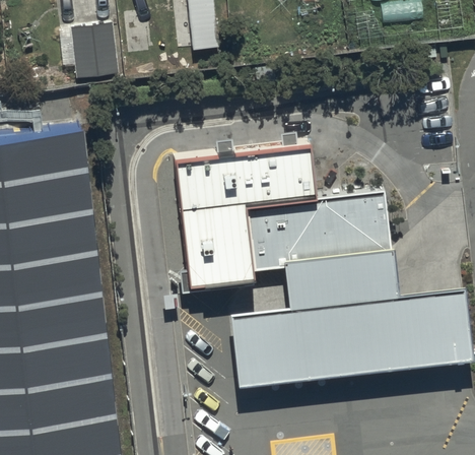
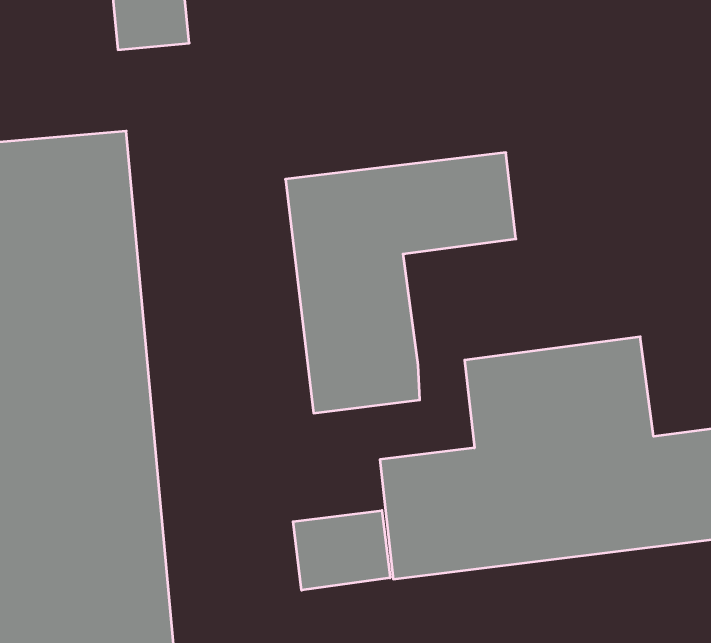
building: [249,180,394,265] -> none
building: none -> [293,510,390,590]

